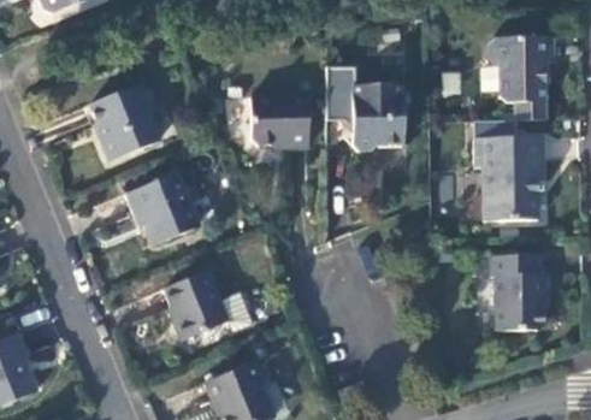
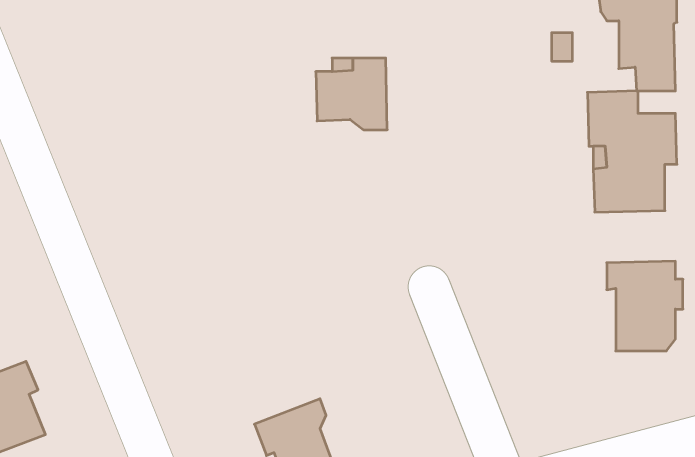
building: [329,71,408,153] -> none
building: [91,87,154,158] -> none
building: [124,178,191,241] -> none
building: [164,273,247,336] -> none

